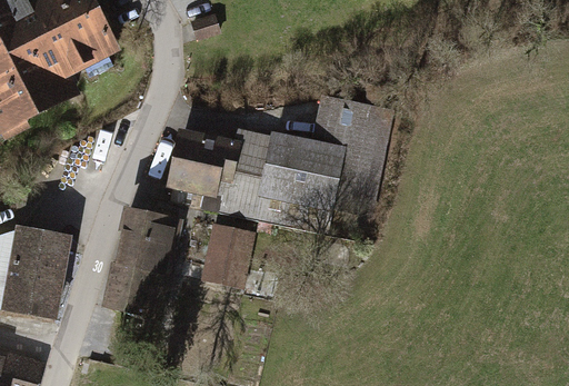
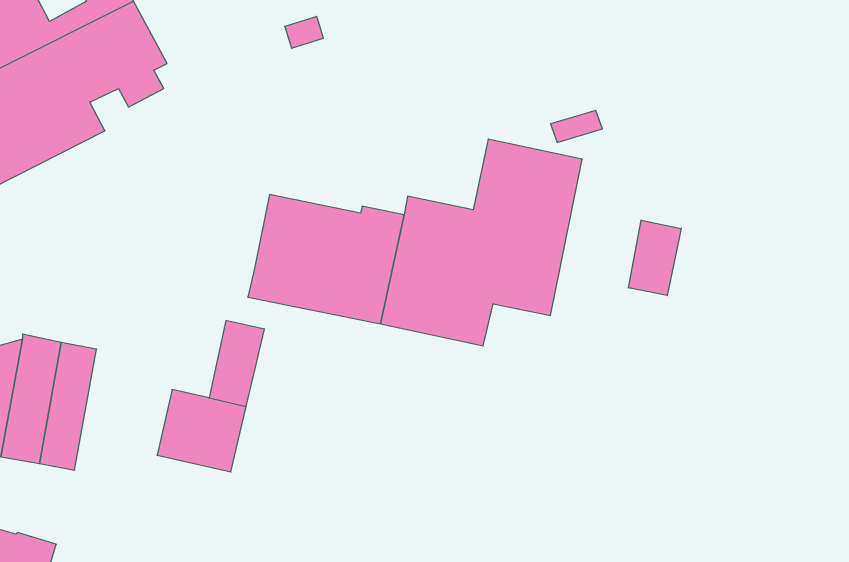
building: none -> [629,220,681,296]
building: [116,209,151,266] -> none
building: [202,222,247,284] -> none

